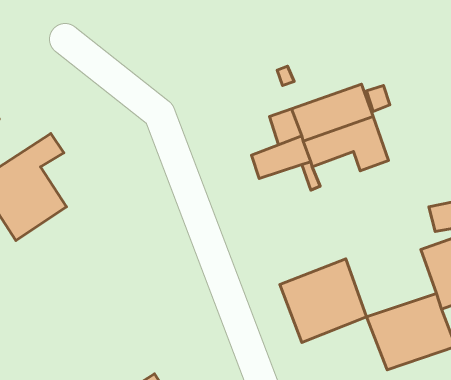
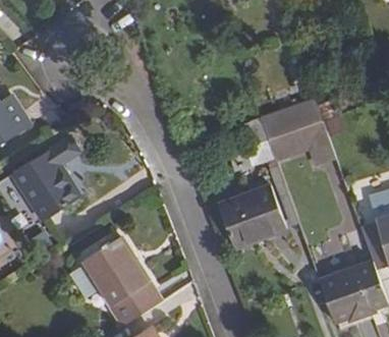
building: [280,259,367,343] -> [217,183,285,249]
building: none -> [82,237,159,324]

